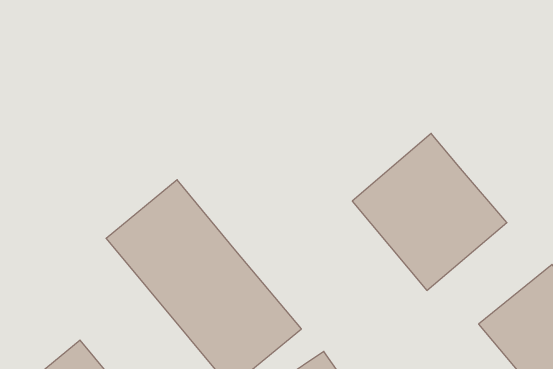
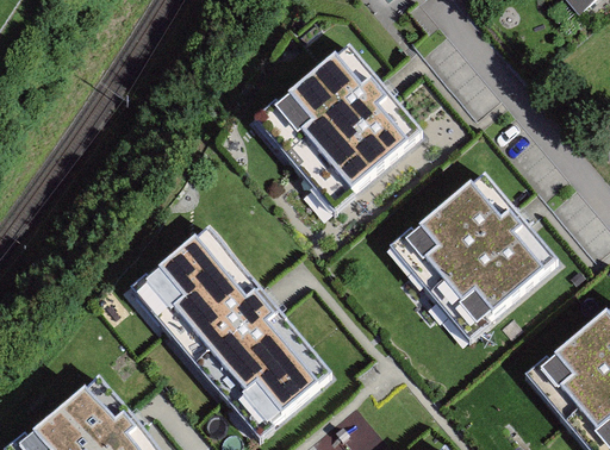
building: none -> [256,42,423,208]

